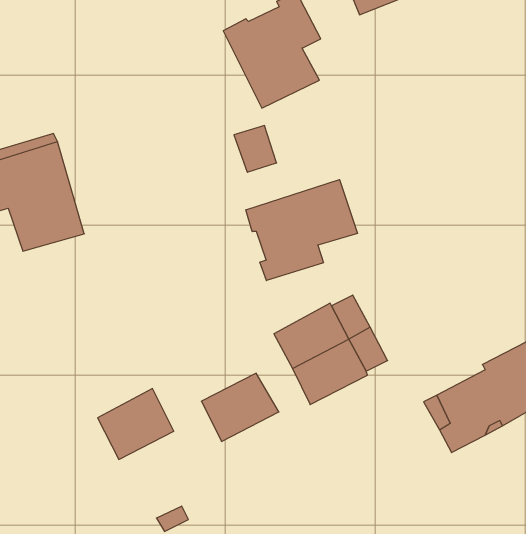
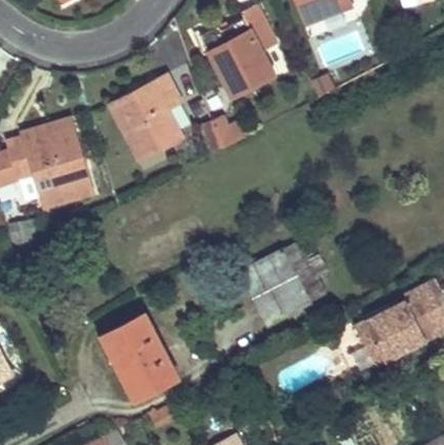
building: none -> [109,75,183,162]
building: [246,180,358,281] -> none
building: [201,373,279,441] -> [118,349,178,401]

